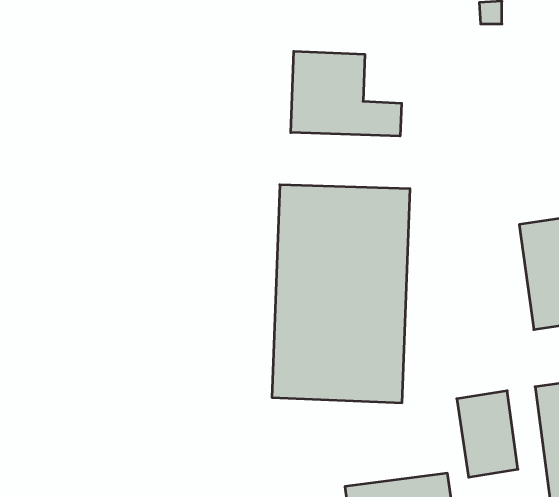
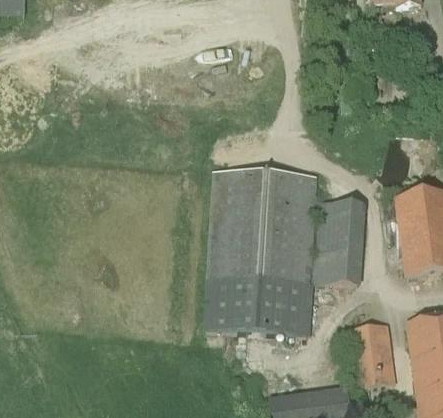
building: [291,51,402,136] -> none
building: none -> [313,198,363,284]

